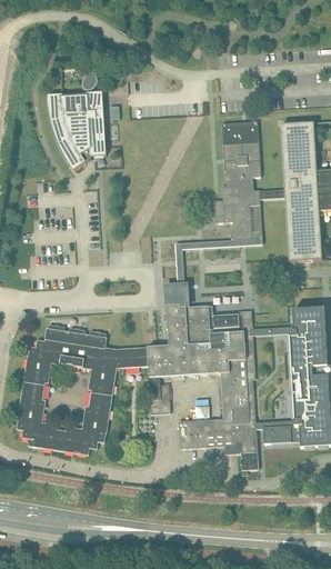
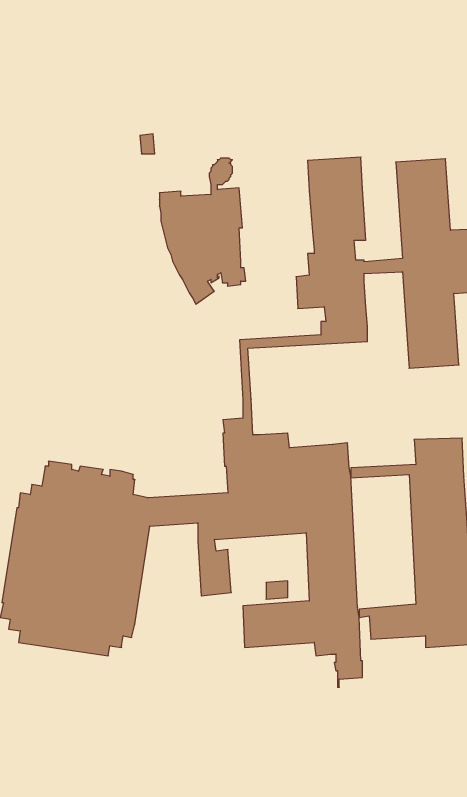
building: [48,71,106,169] -> [159,158,246,304]

